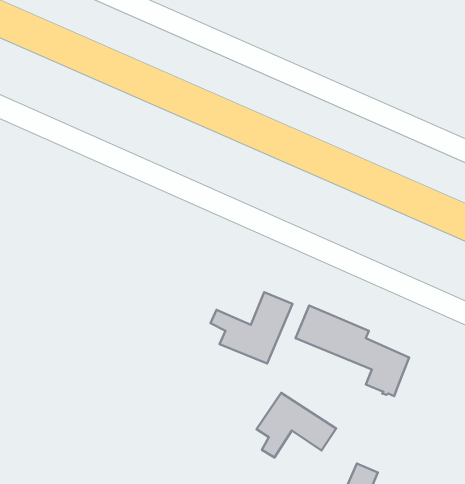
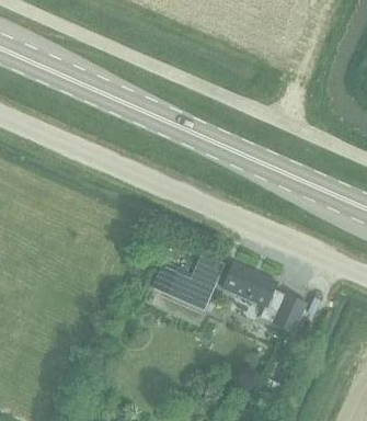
building: [256,393,336,458] -> none

